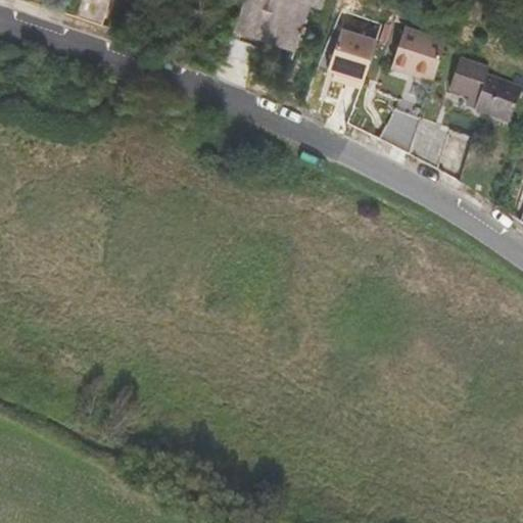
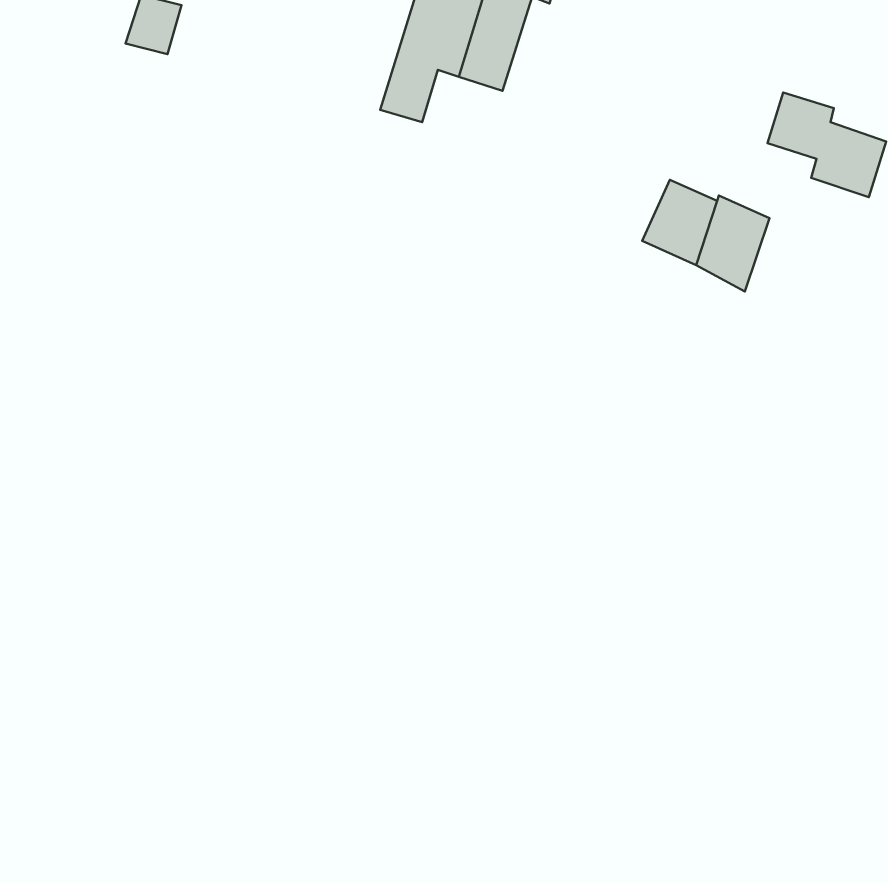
building: [327,21,378,83] -> none
building: [390,23,445,79] -> none

